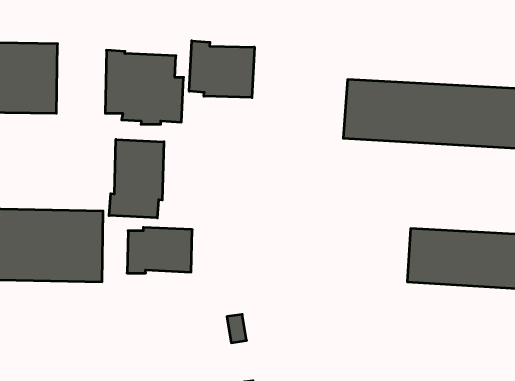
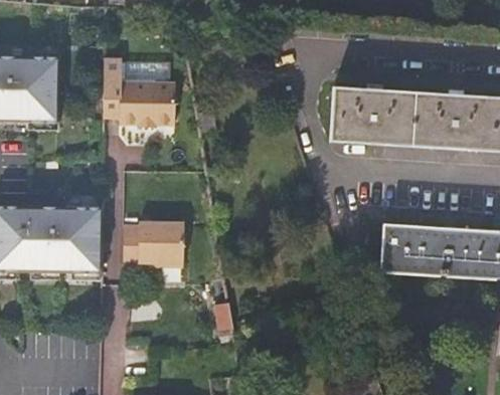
building: [189,41,254,98] -> none
building: [109,139,164,218] -> none

